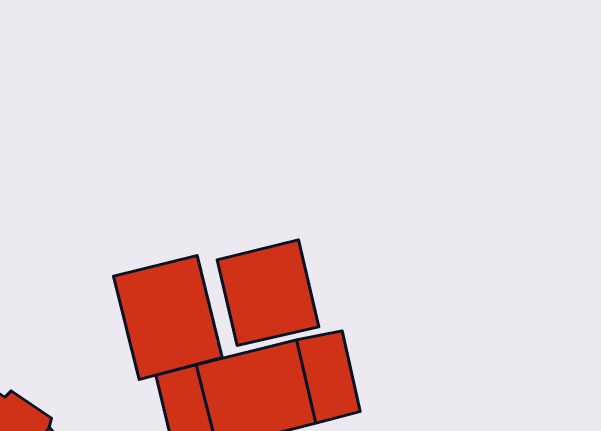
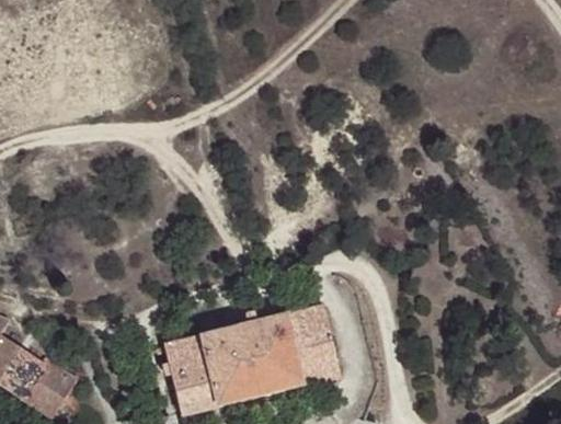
building: [217,240,319,346] -> none
building: [113,256,222,379] -> none

